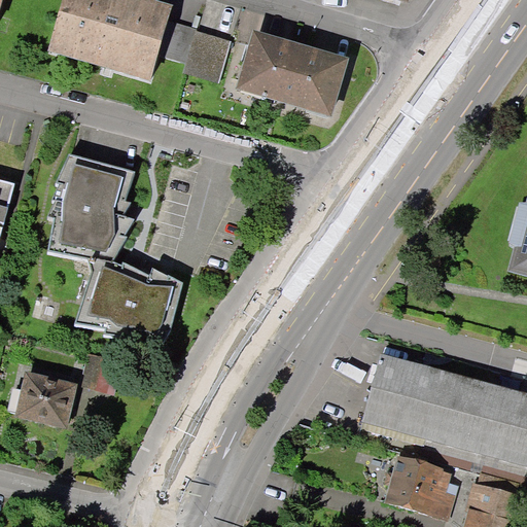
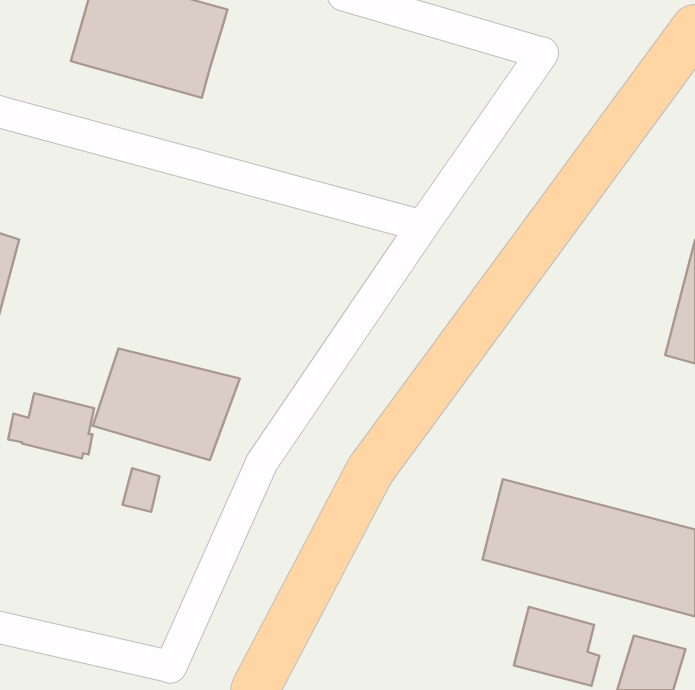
building: [159,17,231,78] -> none
building: [243,34,347,110] -> none
building: [45,149,133,260] -> none
building: [9,374,74,423] -> [8,393,94,459]

